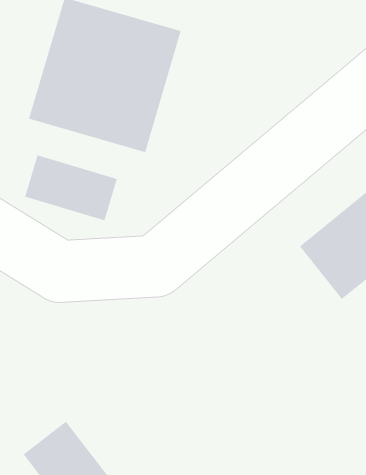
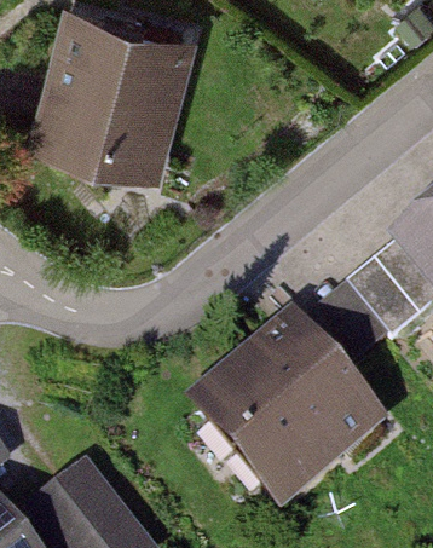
building: [24,155,118,221] -> none
building: none -> [195,323,366,496]

